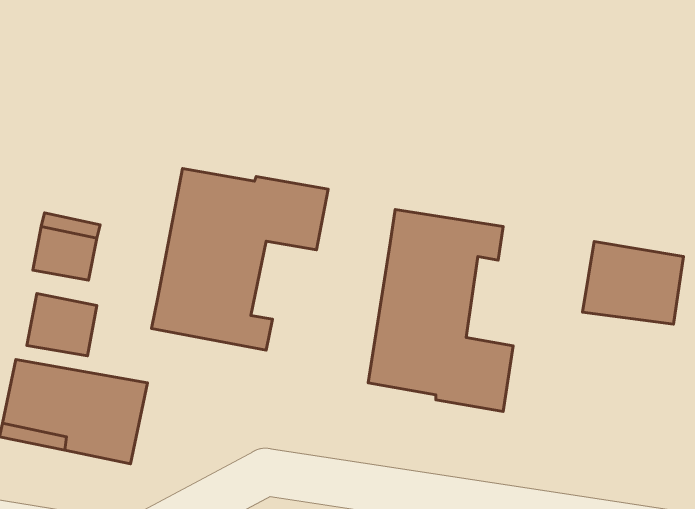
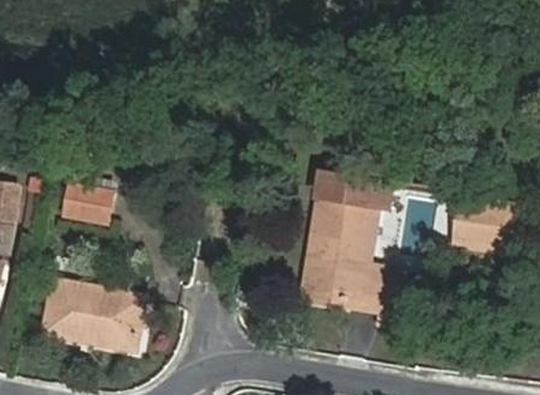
building: [152,168,328,350] -> none
building: [27,293,97,356] -> none

